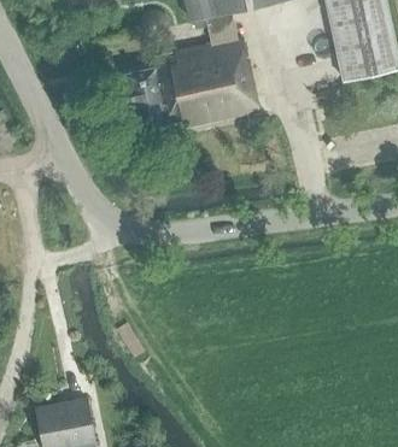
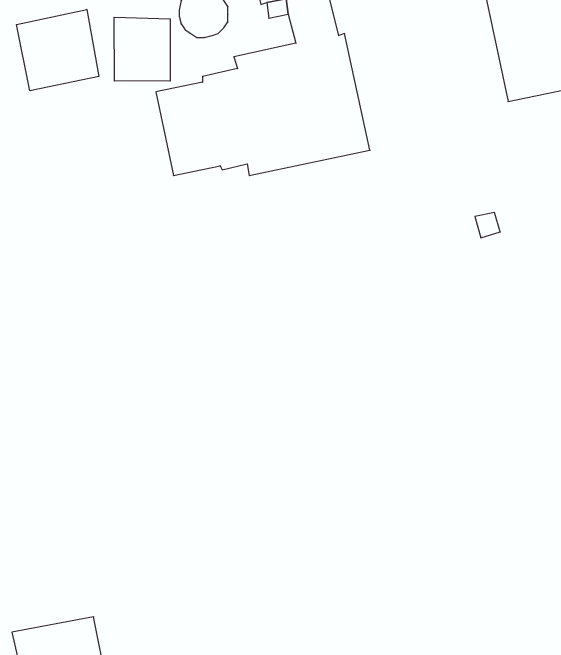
building: none -> [16,9,99,91]
building: none -> [114,17,170,81]

